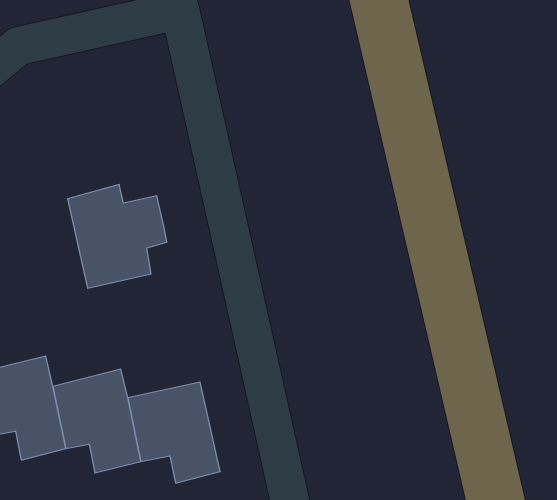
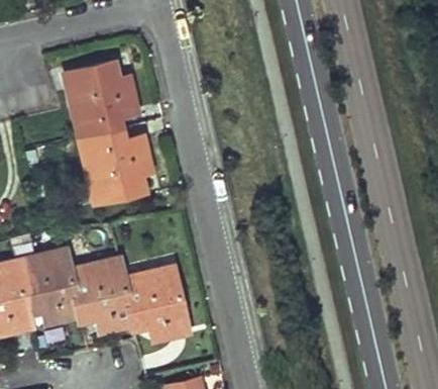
building: none -> [66,65,137,140]

